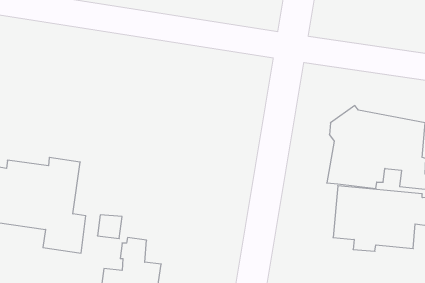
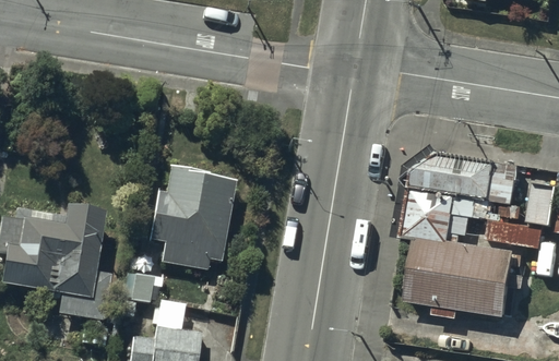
building: none -> [151,165,236,268]

